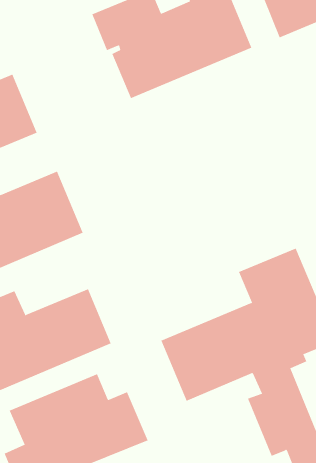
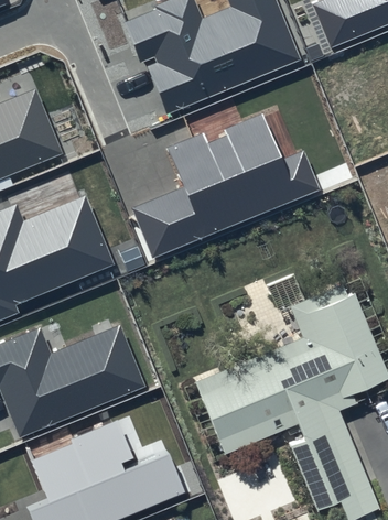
building: none -> [131,113,317,257]

